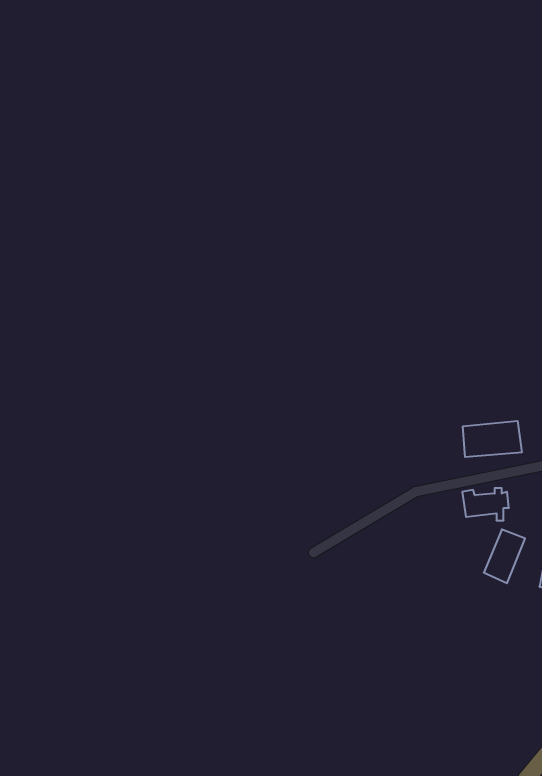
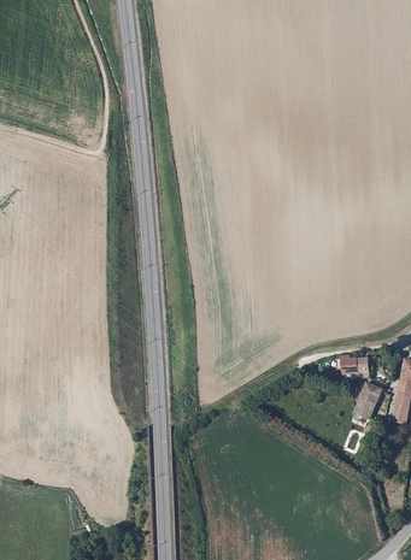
building: [463,421,522,457] -> none

